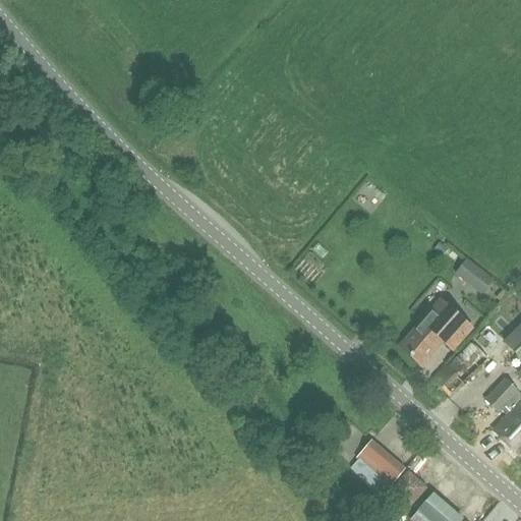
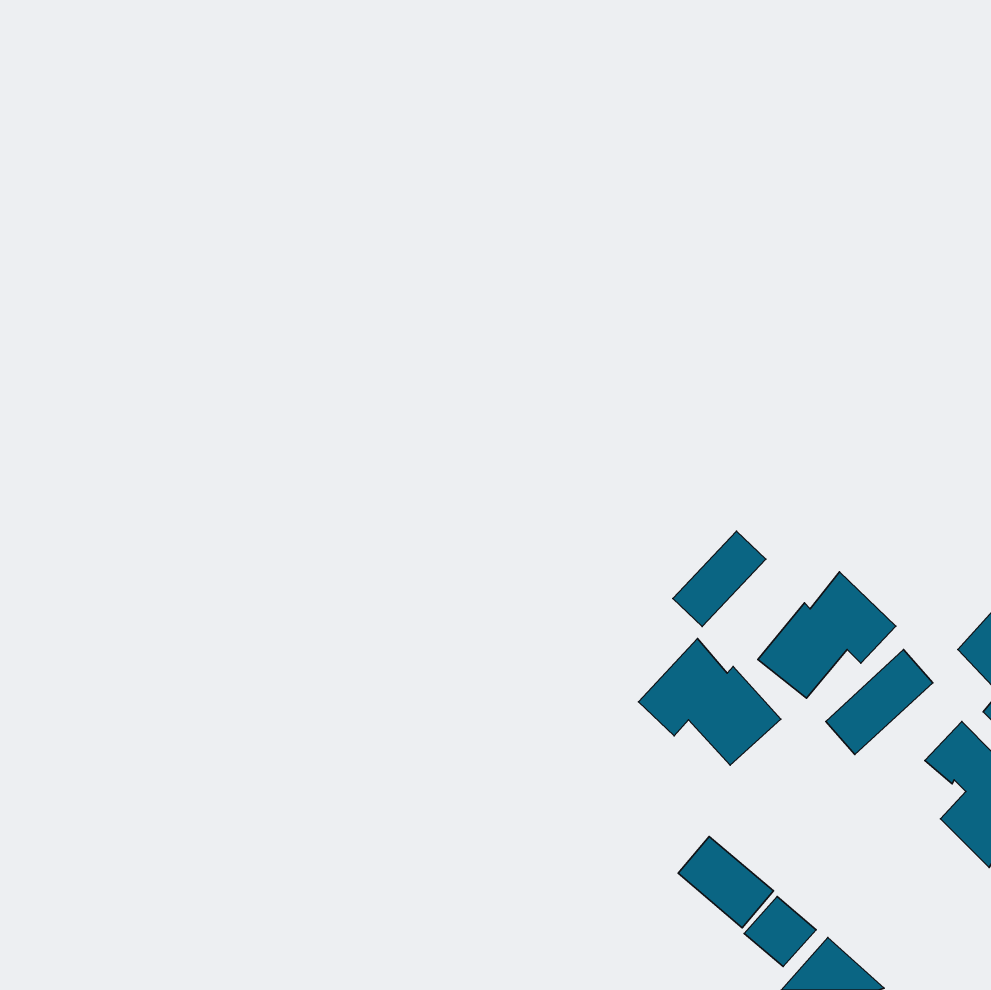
building: [454,257,493,293] -> none
building: none -> [673,531,766,626]
building: none -> [638,639,781,765]

